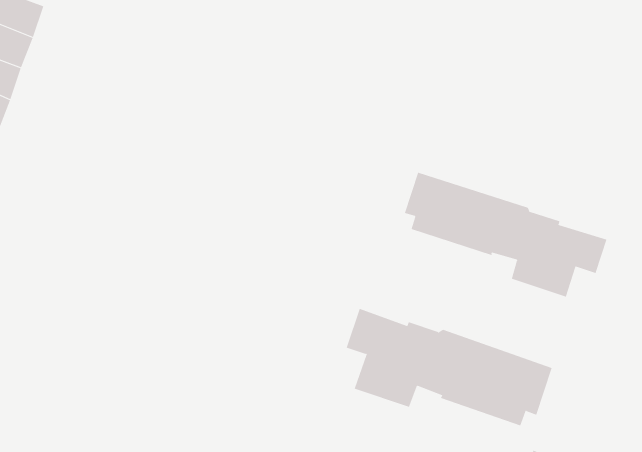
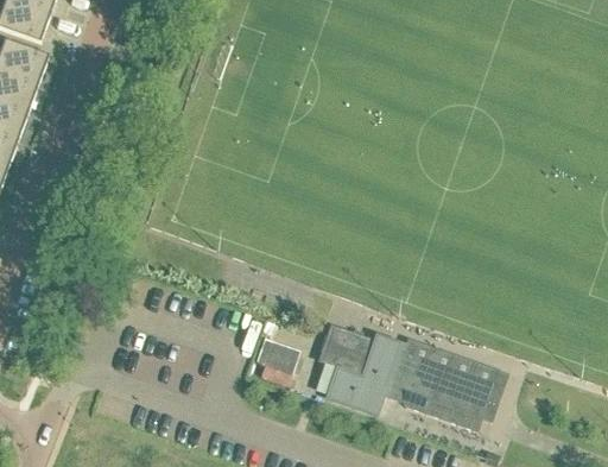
building: [404,172,607,298] -> none
building: none -> [255,336,299,371]

